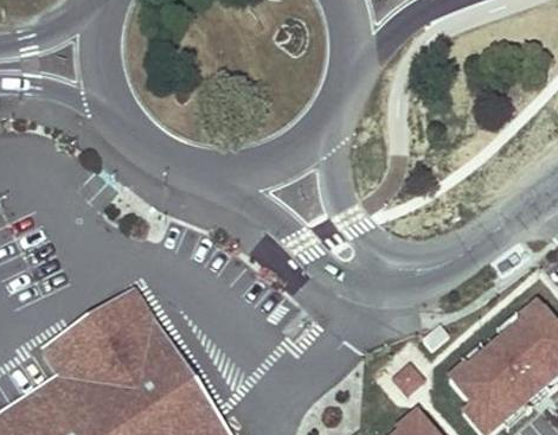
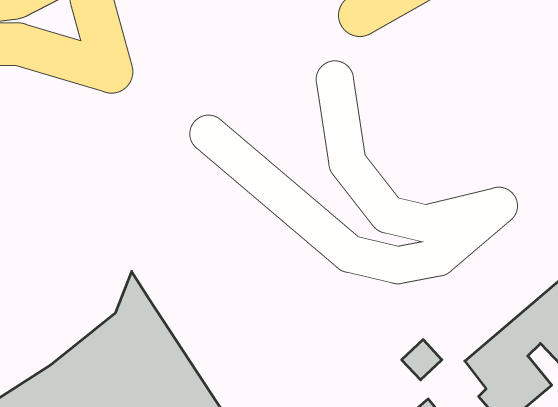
building: [44,293,136,380] -> none

